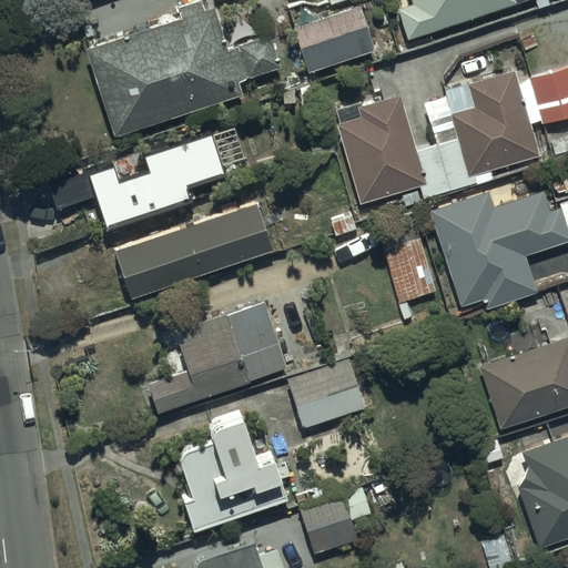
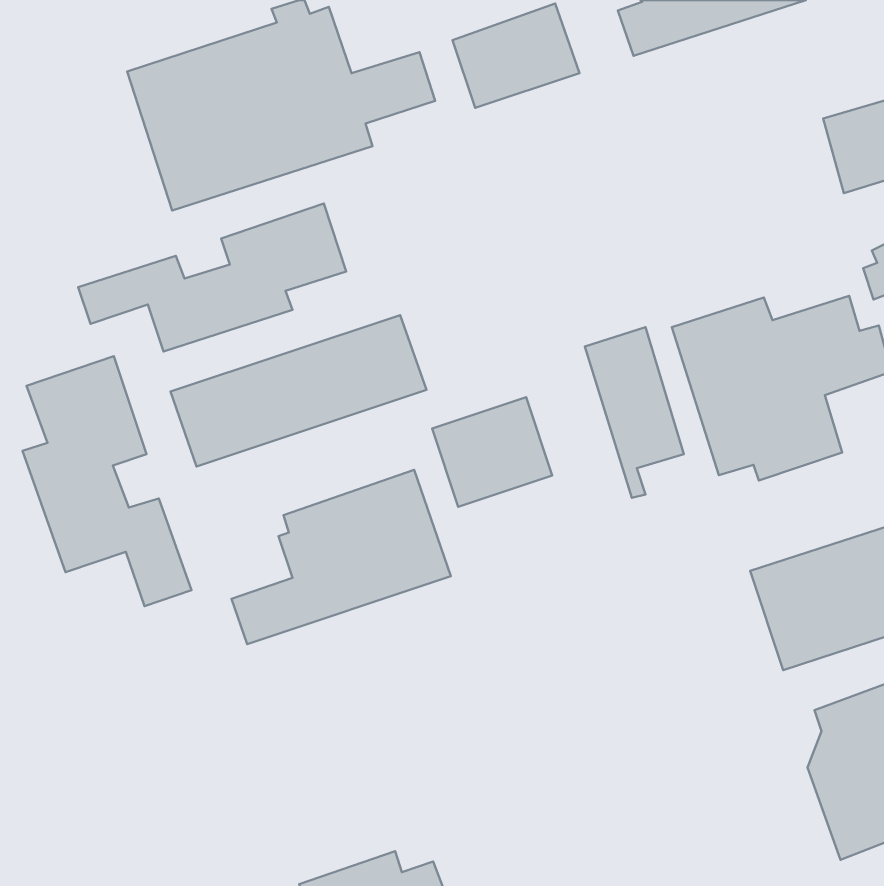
building: [335,71,539,203] -> none
building: none -> [22,356,191,606]
building: [290,359,366,429] -> [432,397,552,507]
building: [181,417,290,531] -> none
building: [300,496,357,554] -> none

